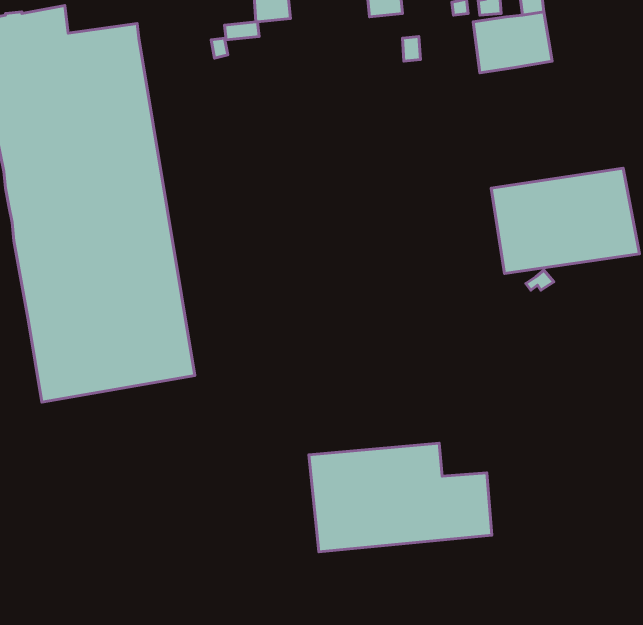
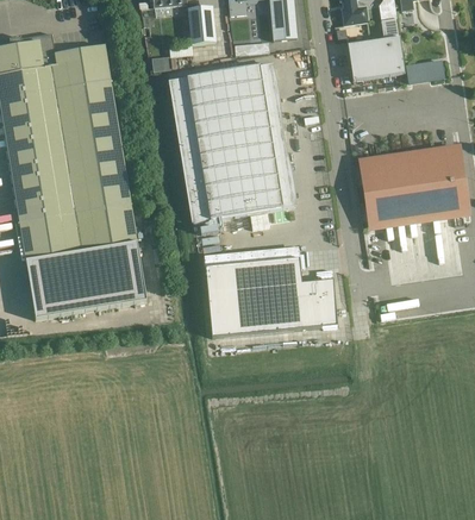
building: none -> [406,58,443,80]
building: none -> [169,61,294,220]
building: [309,443,492,552] -> [205,256,337,334]

